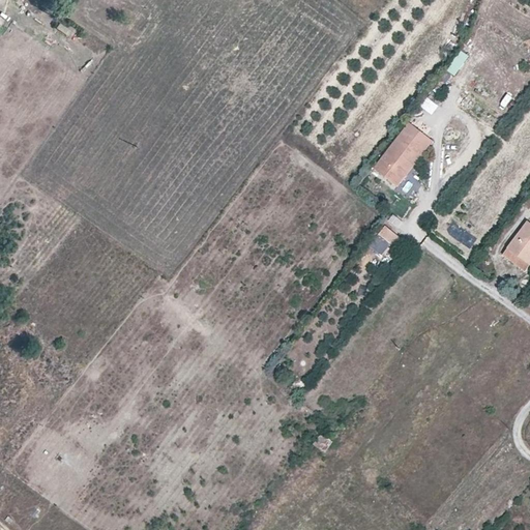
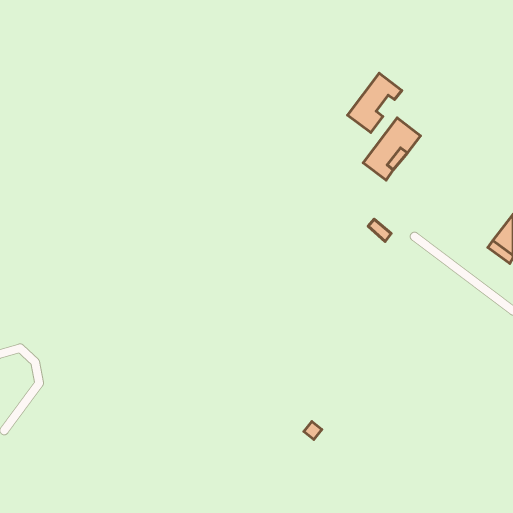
building: none -> [347,73,402,132]

